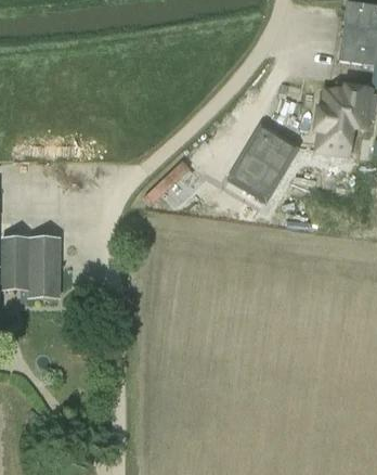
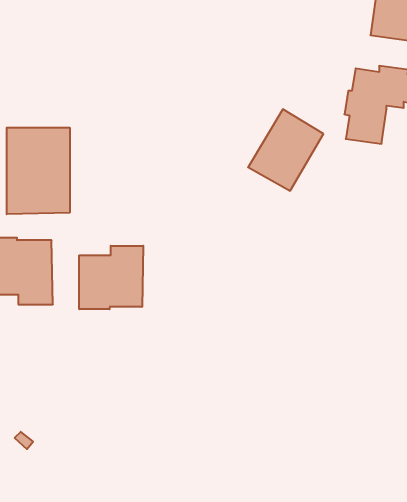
building: none -> [7,128,70,214]
building: none -> [79,246,143,309]

